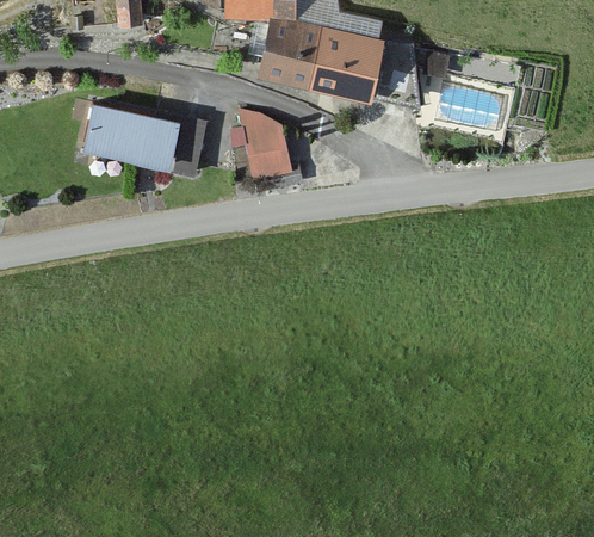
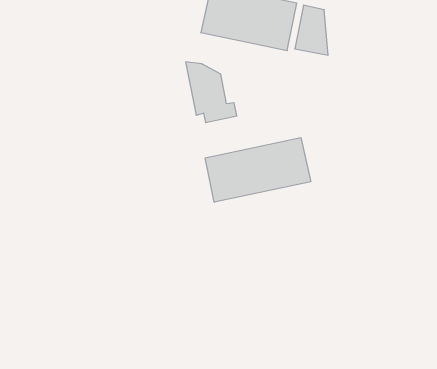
building: [81,103,209,178] -> none
building: none -> [205,138,311,202]

